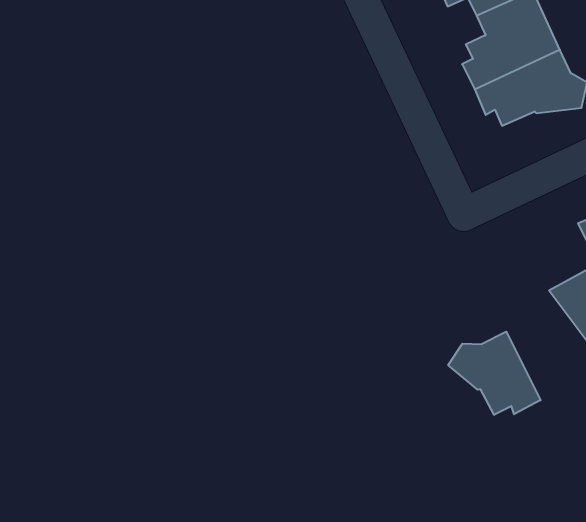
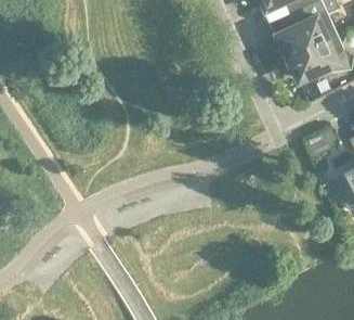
building: [448,332,541,415] -> none

